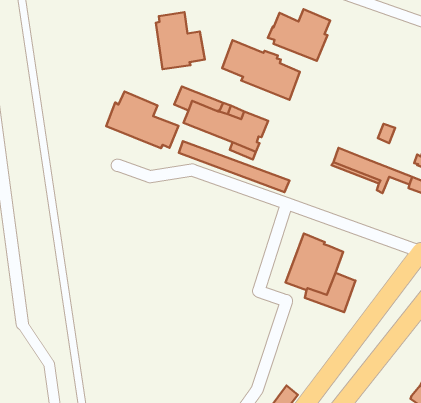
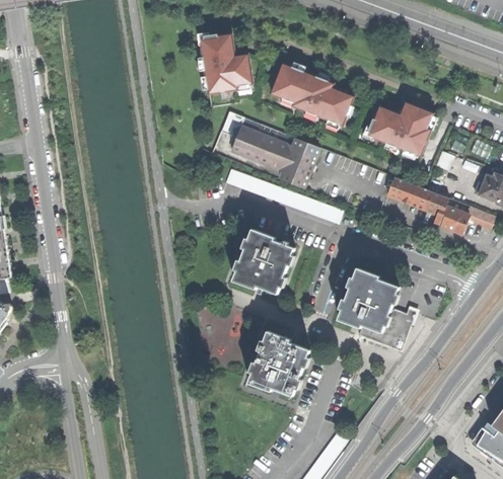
building: [268,9,330,61] -> [366,101,432,156]
building: [106,92,178,148] -> none
building: none -> [438,207,468,234]
building: none -> [231,228,293,293]
building: none -> [247,330,308,395]

